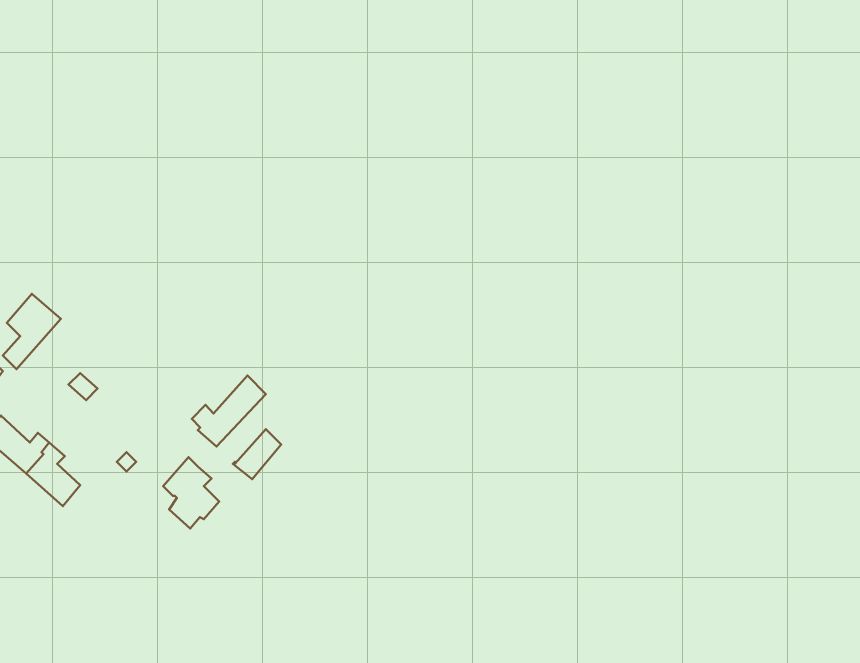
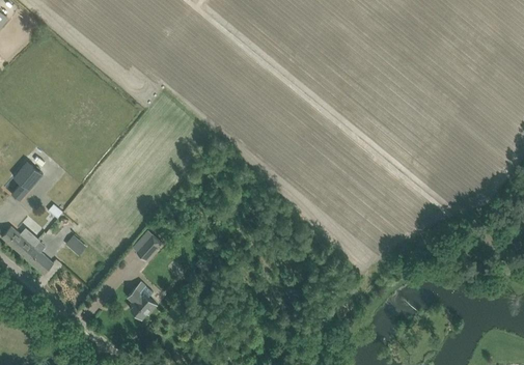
building: [192,376,266,447] -> none
building: [163,457,219,529] -> [128,281,158,319]

